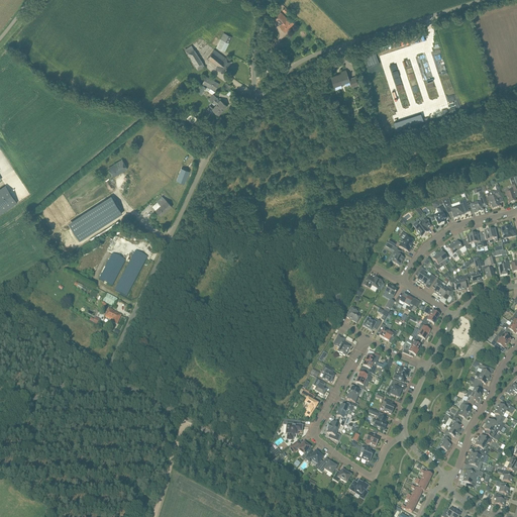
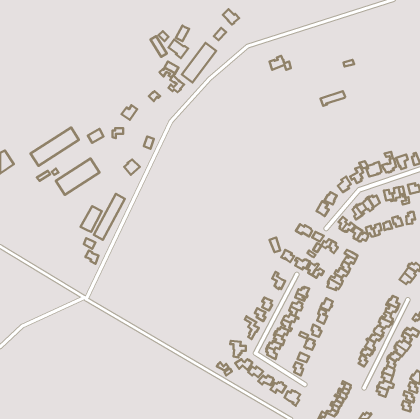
building: none -> [182,43,216,82]
building: none -> [31,127,79,166]

